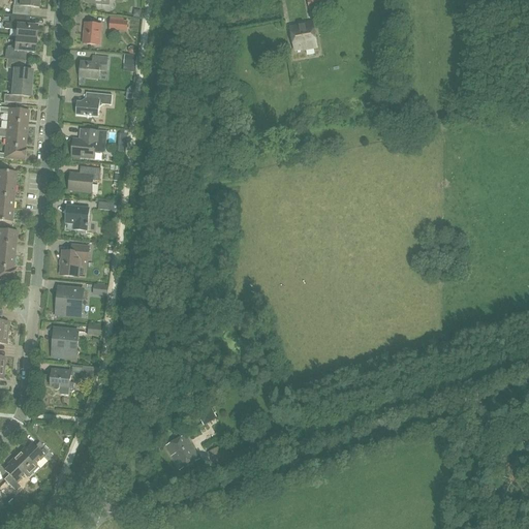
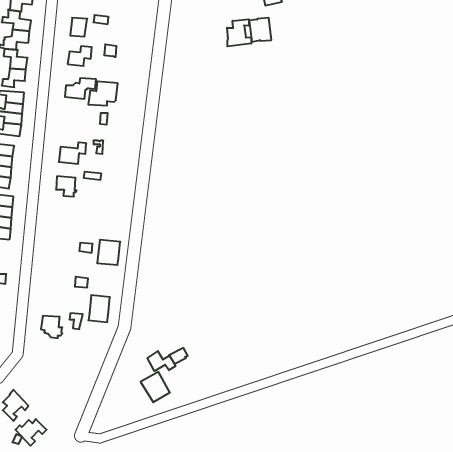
building: none -> [227,19,251,46]
building: [71,127,105,155] -> [88,81,118,106]
building: [60,243,88,275] -> none
building: [55,286,82,315] -> [97,240,120,265]
building: [52,326,76,357] -> [88,295,110,322]
building: none -> [147,351,175,371]
building: [15,440,52,471] -> [15,419,47,446]

